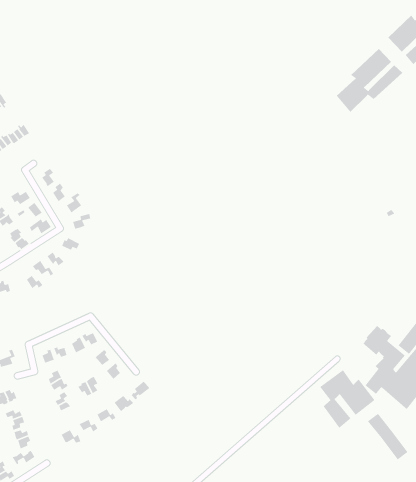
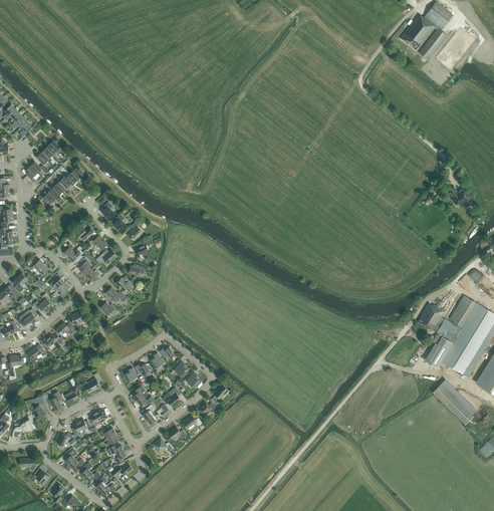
building: [336,48,403,113] -> none
building: [319,369,376,429] -> none

